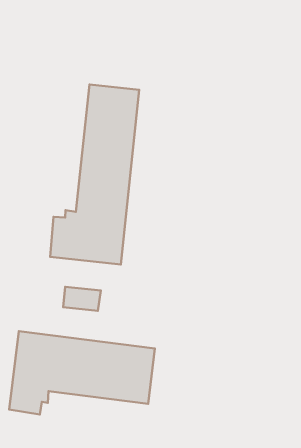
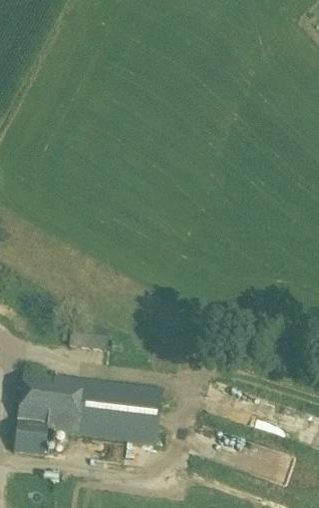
building: [50,84,139,264] -> none

